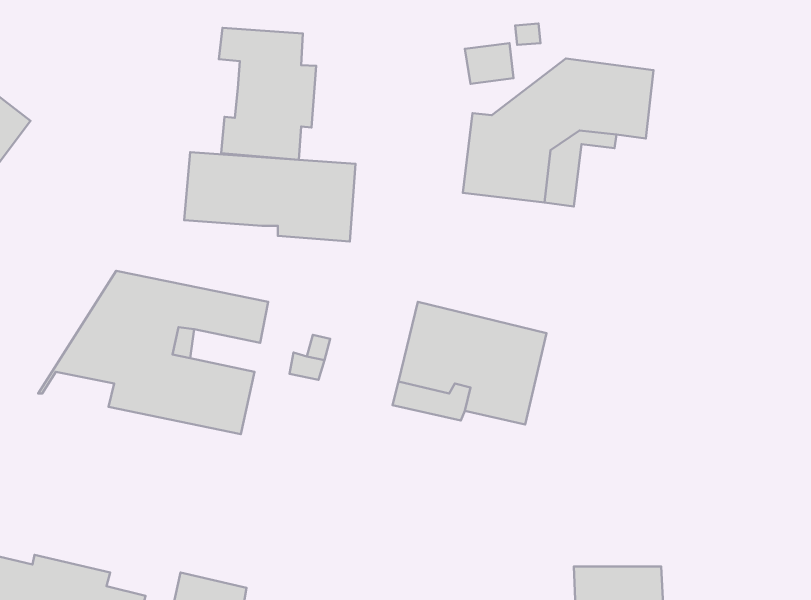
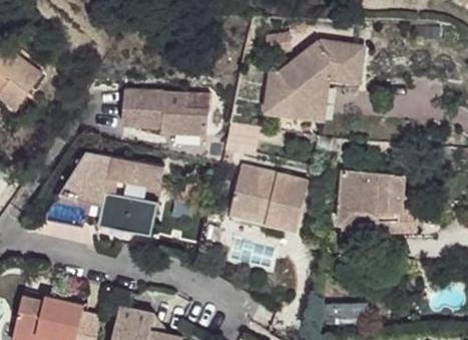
building: [219,28,316,160] -> none
building: none -> [339,171,415,231]

